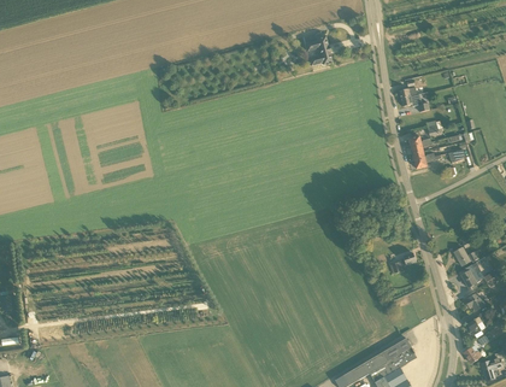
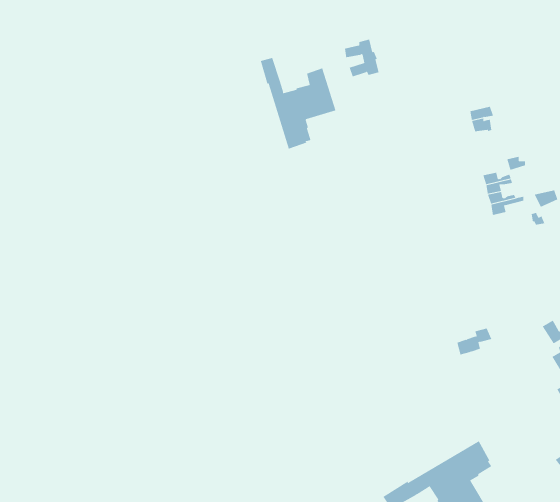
building: none -> [260,57,336,149]

